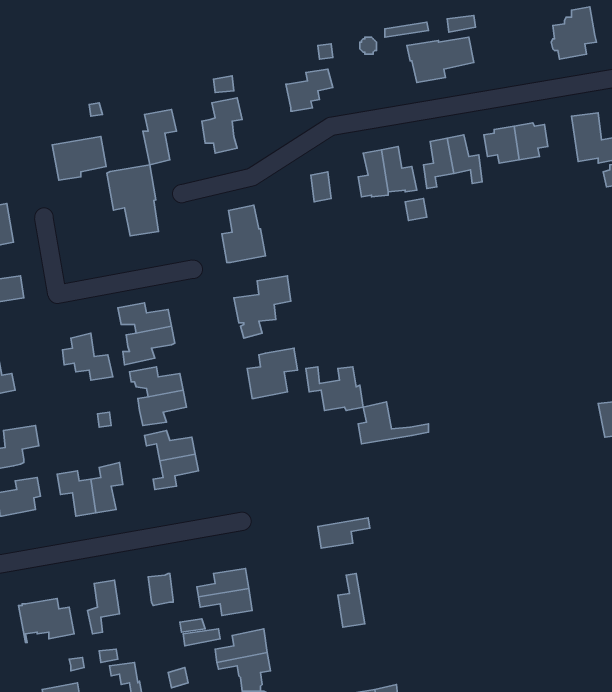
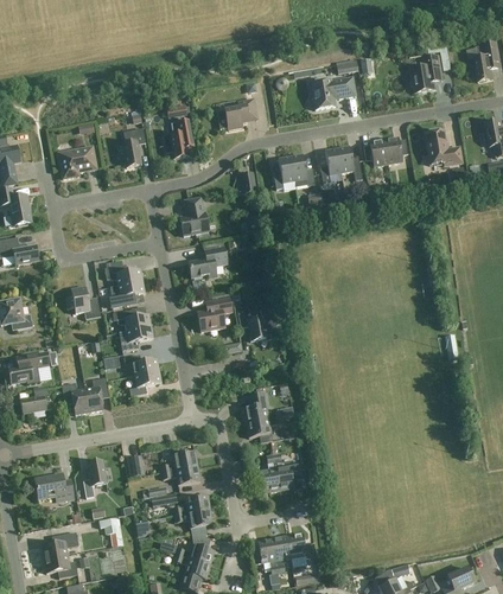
building: [107,165,159,236] -> none
building: [358,402,429,444] -> [242,391,292,421]
building: none -> [272,453,304,490]

